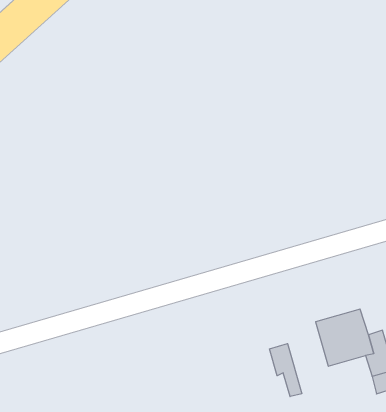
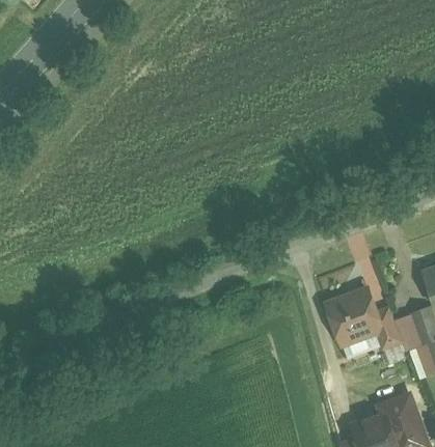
building: [270,344,302,397] -> none

